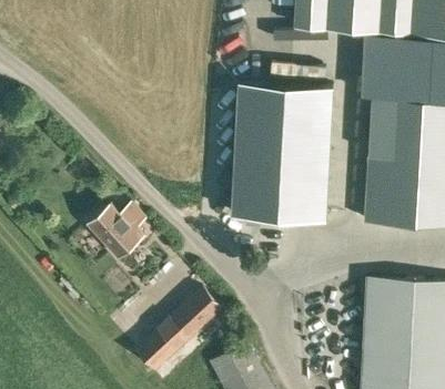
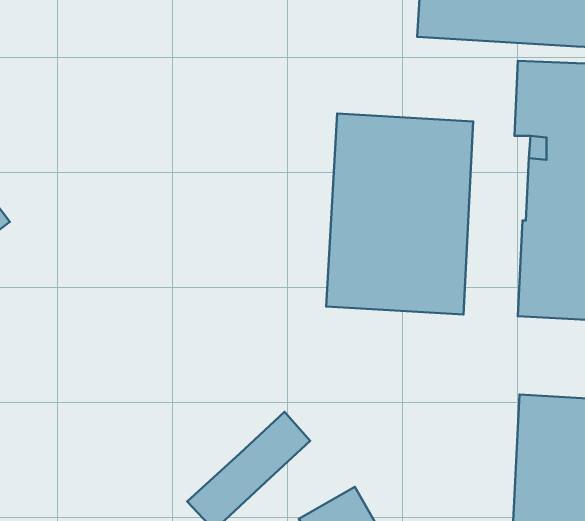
building: [87,206,145,260] -> none

